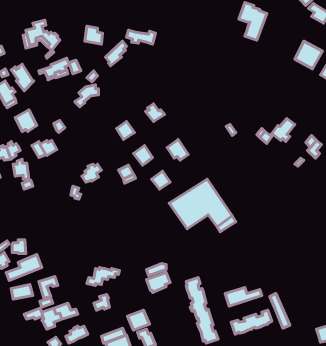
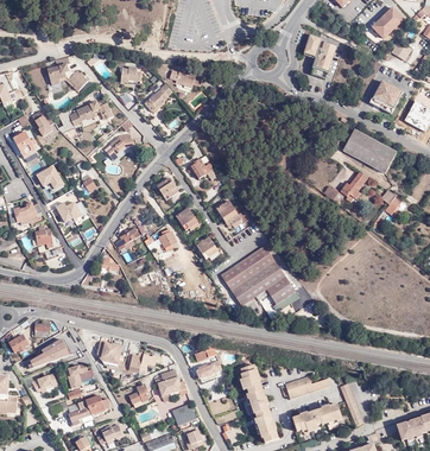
building: none -> [340,127,394,172]
building: none -> [96,342,124,371]
building: none -> [156,366,186,396]

